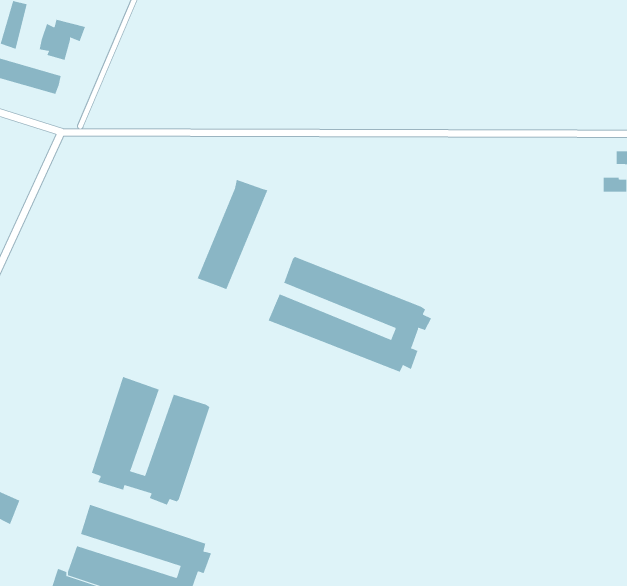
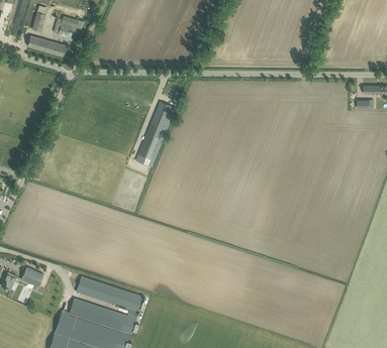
building: [268,256,432,372] -> none
building: [91,376,210,506] -> none

